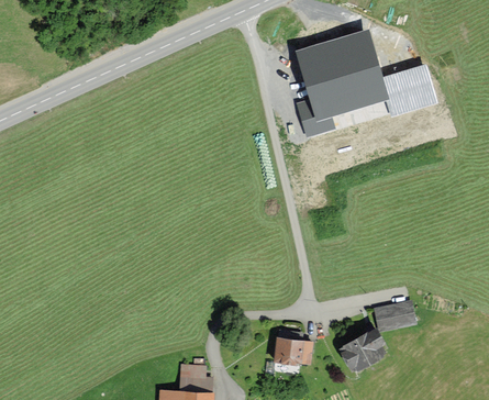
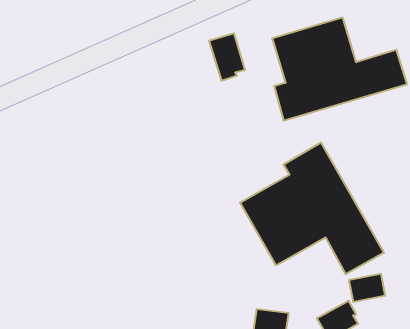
building: none -> [209,33,245,81]
building: none -> [240,142,384,274]

